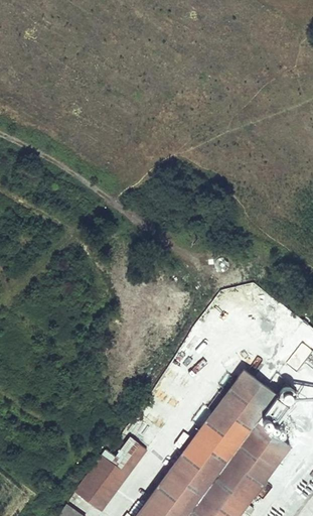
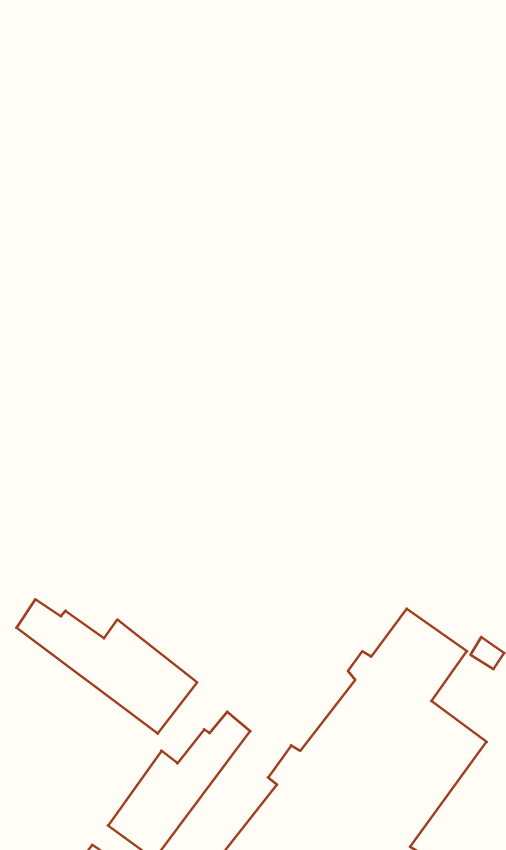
building: none -> [16,599,197,734]

